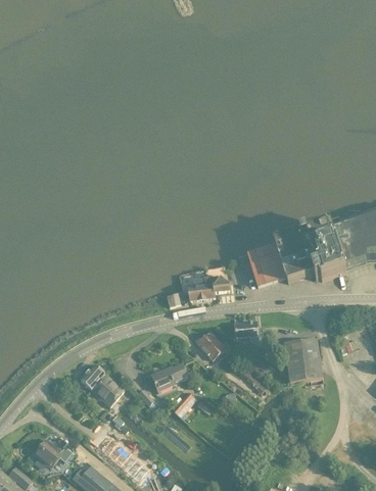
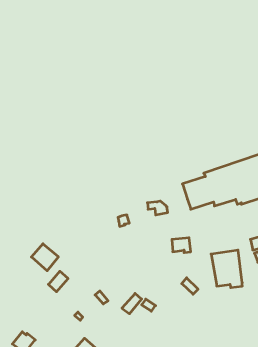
building: [187,279,215,300] -> none
building: [194,332,225,360] -> none
building: [151,365,187,392] -> none
building: [90,374,124,407] -> [31,244,58,271]

